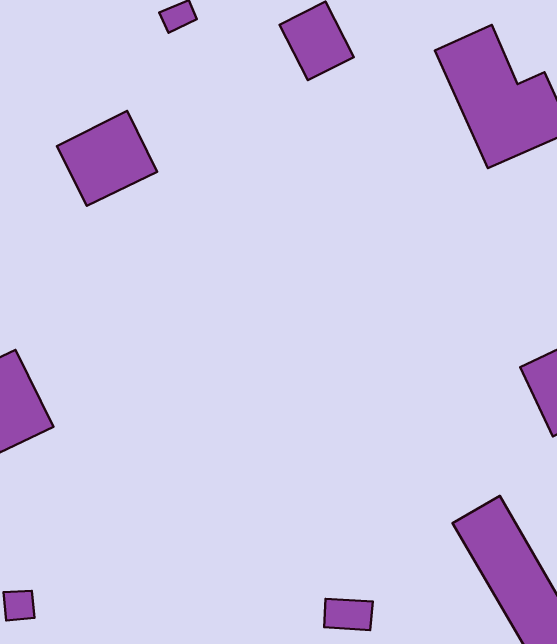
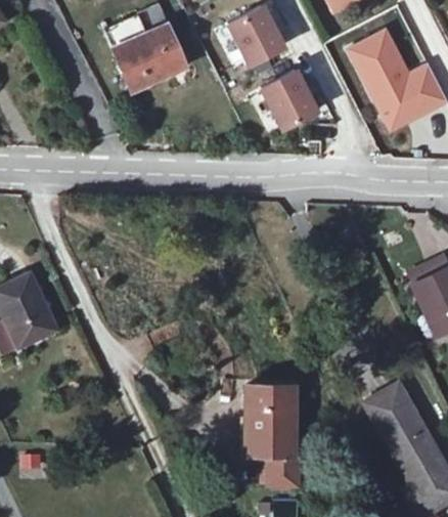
building: none -> [263,72,319,131]
building: [57,111,157,206] -> [114,24,189,95]
building: none -> [245,384,295,450]

